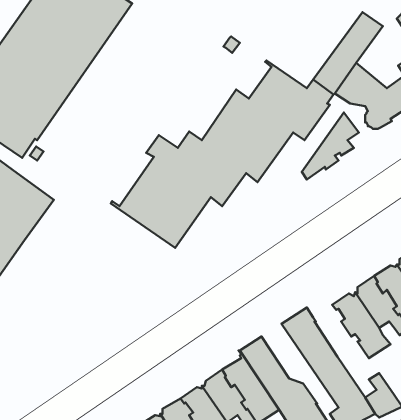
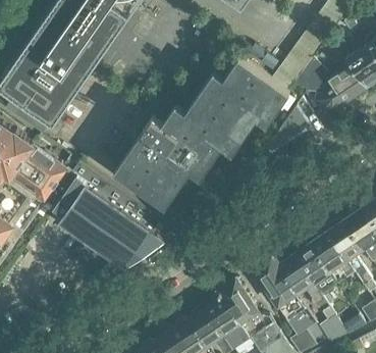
building: none -> [44,164,175,272]
building: none -> [276,255,325,311]

